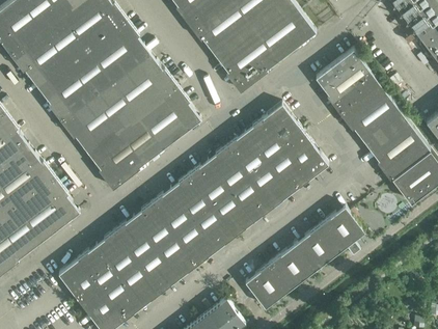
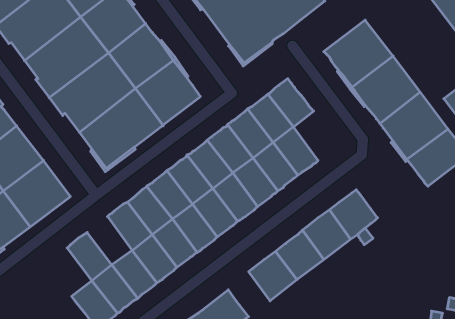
building: [286,134,328,180] -> none
building: [95,231,137,276] -> none
building: [58,261,100,305] -> none

